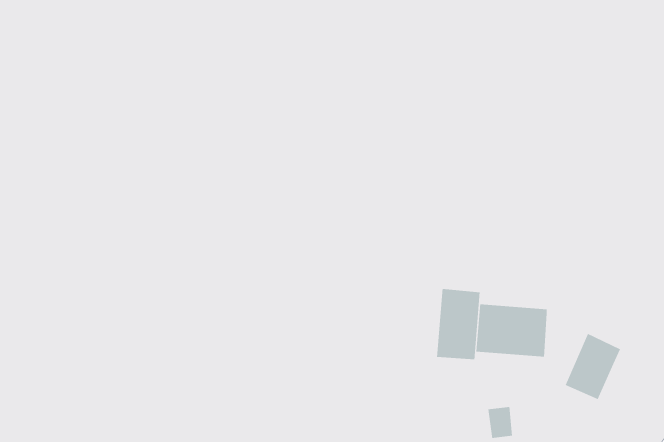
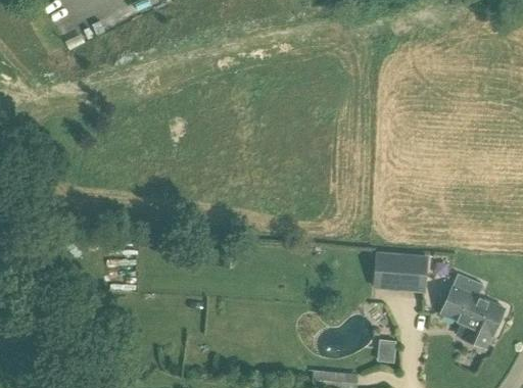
building: [437,288,480,360] -> none
building: none -> [461,297,504,348]

